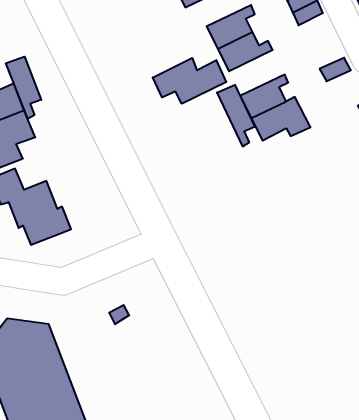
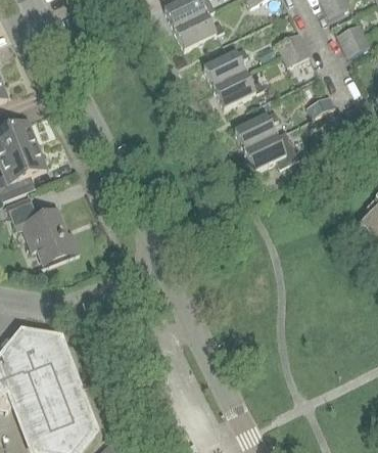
building: [6,57,41,119] -> none
building: [153,58,226,104] -> none
building: [217,85,255,147] -> none

